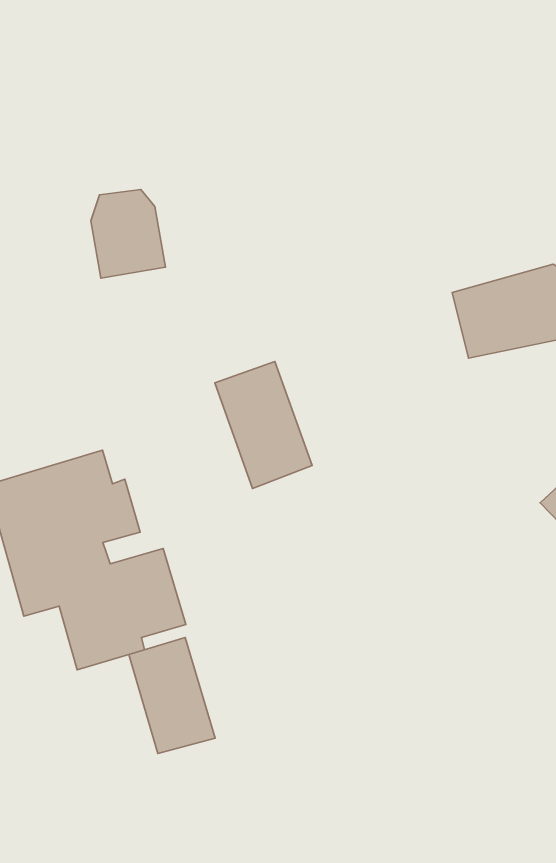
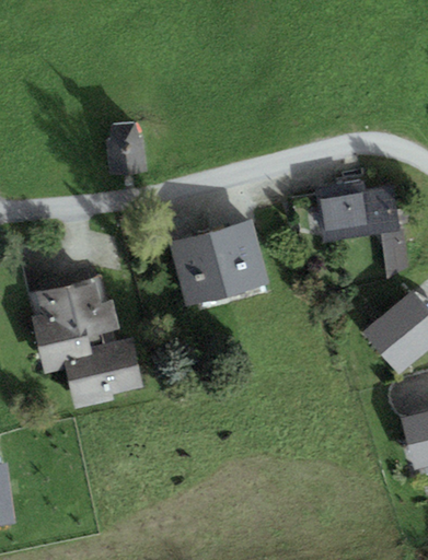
building: none -> [208,222,269,298]
building: [129,638,215,754] -> none

